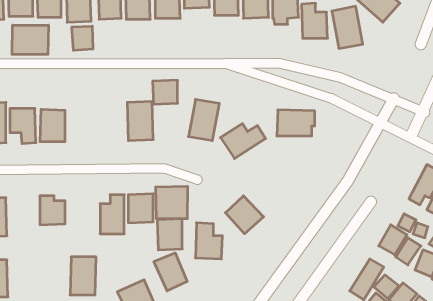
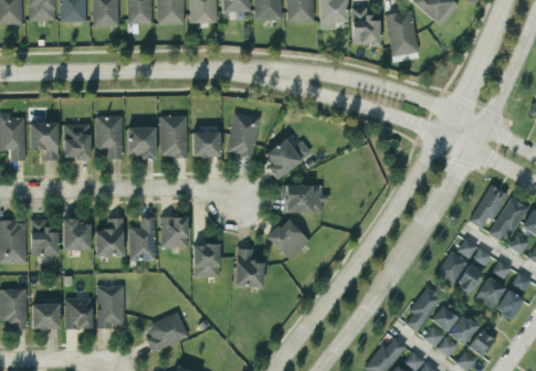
building: [12,25,48,54] -> none
building: [72,26,93,50] -> none
building: [153,80,178,104] -> [192,131,220,158]
building: none -> [95,116,123,160]
building: [277,110,315,136] -> [283,184,325,213]
building: none -> [127,127,156,158]
building: [156,186,187,219] -> none
building: none -> [95,218,124,257]
building: none -> [30,219,59,256]
building: [154,253,187,291] -> none
building: none -> [64,298,93,329]
building: none -> [32,301,60,330]

